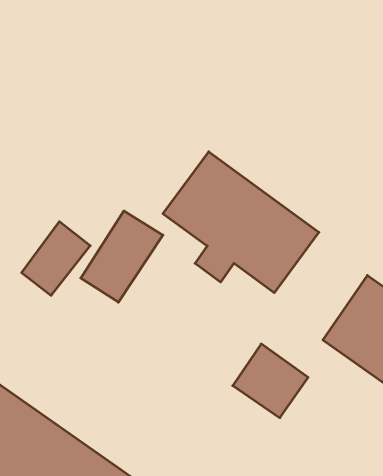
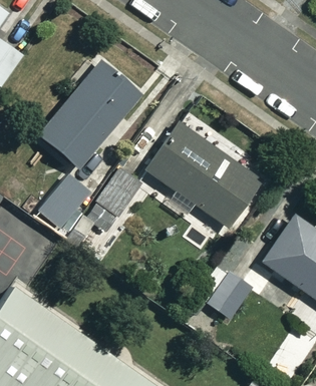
building: none -> [39,60,141,166]

